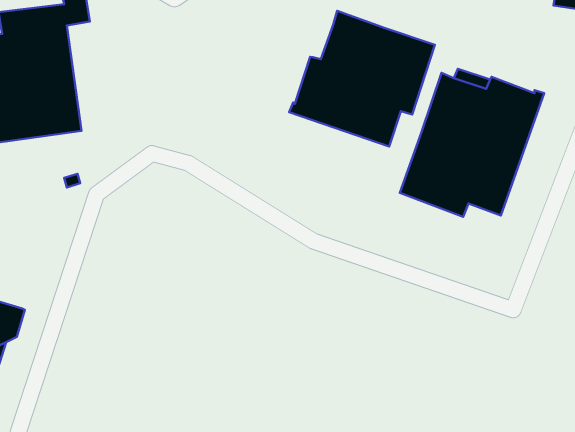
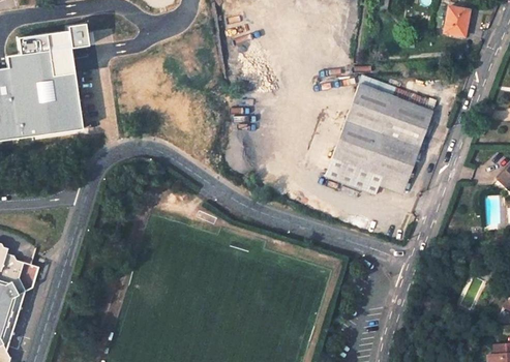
building: [289,11,435,147] -> none

